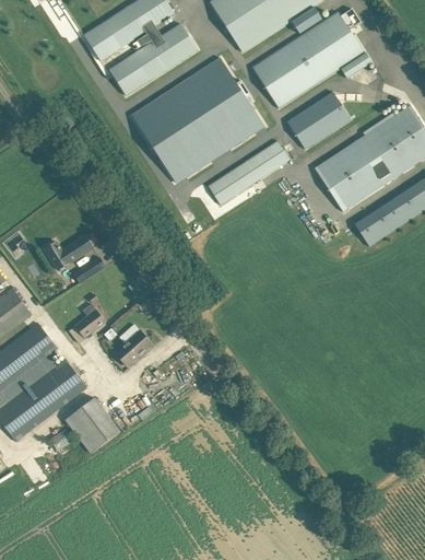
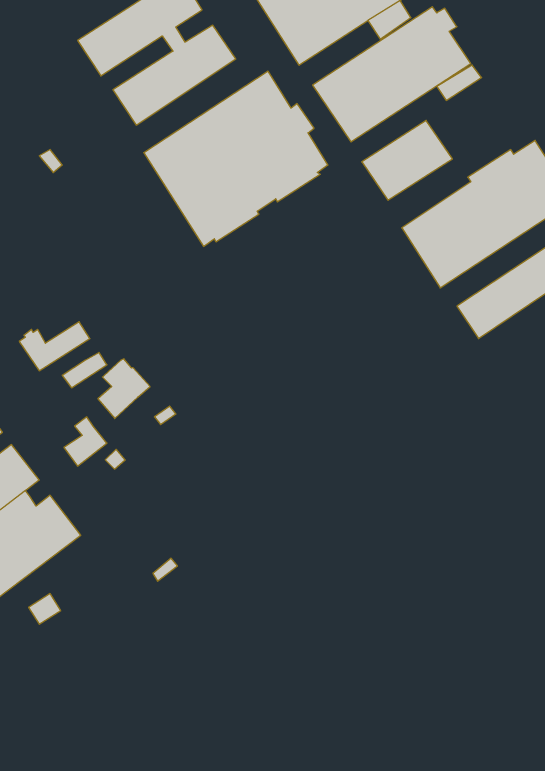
building: [206,140,293,205] -> none
building: [115,324,152,366] -> [98,359,150,419]
building: [64,397,119,454] -> none

